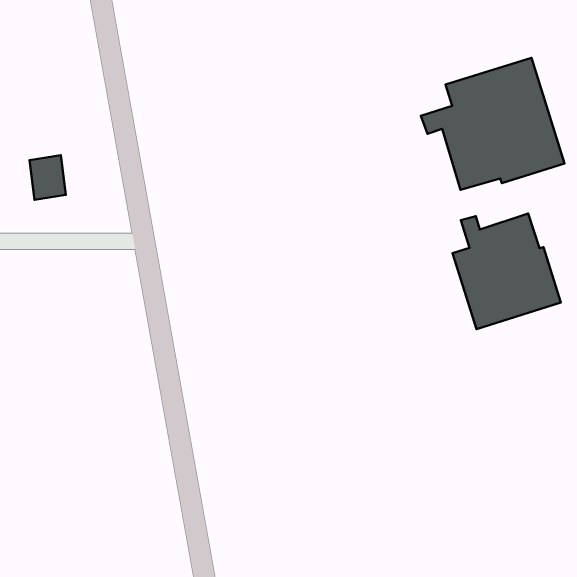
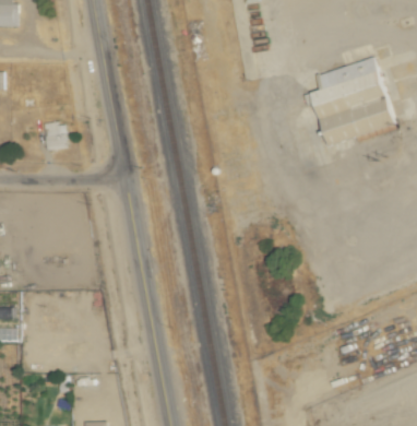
building: [452,214,561,329] -> none

